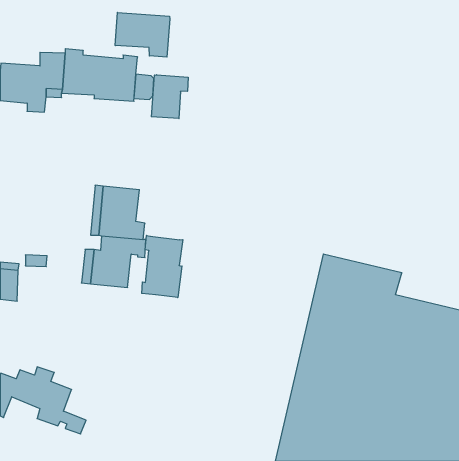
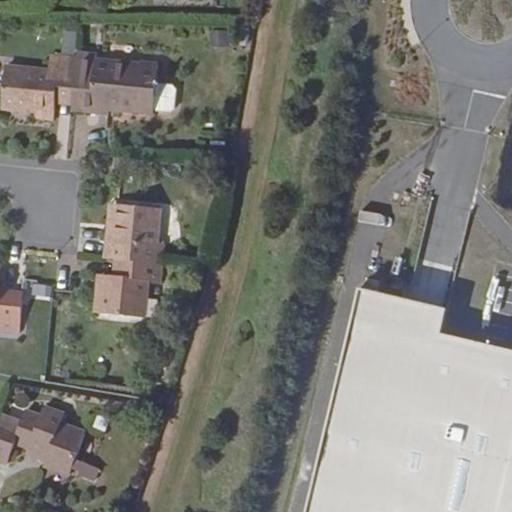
building: [115,12,170,57] -> none
building: [151,75,188,119] -> none
building: [142,235,183,298] -> none

